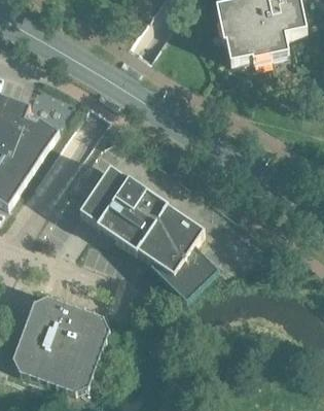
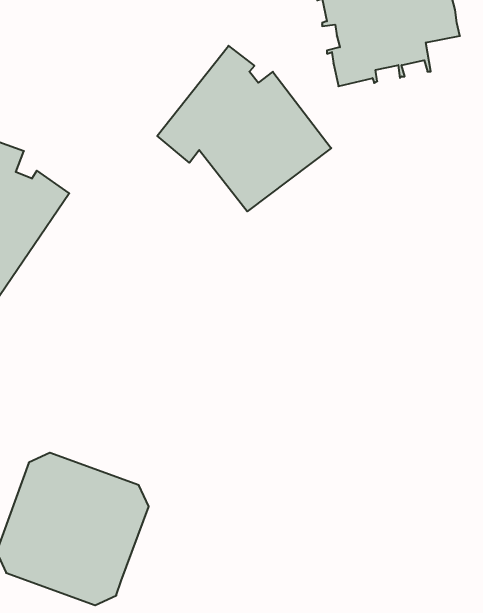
building: none -> [157,46,331,211]
building: [79,167,218,302] -> none

